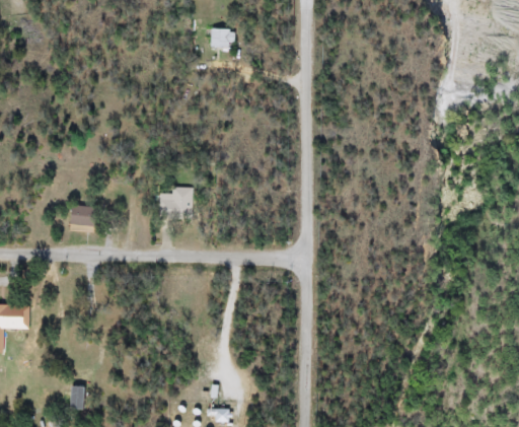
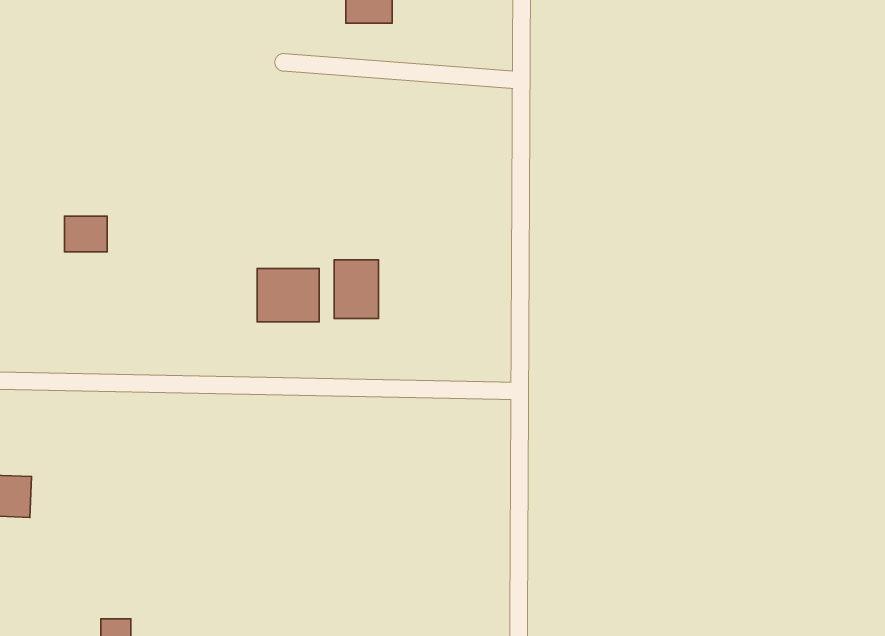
building: none -> [334,260,378,318]
building: [68,205,92,225] -> [65,216,107,252]

